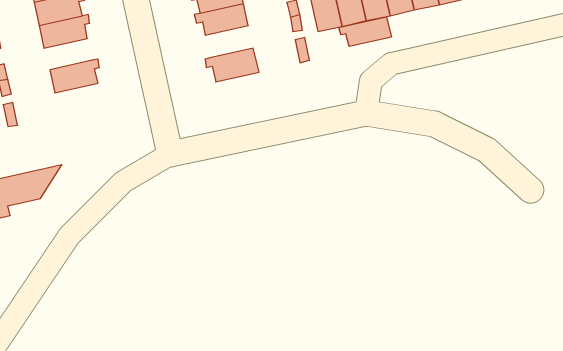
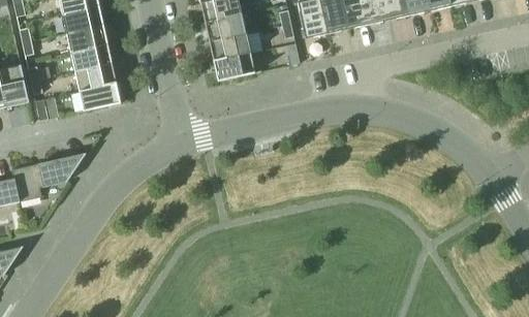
building: [339,17,391,46] -> none
building: none -> [205,33,250,61]
building: none -> [70,43,114,71]
building: none -> [80,82,123,112]

